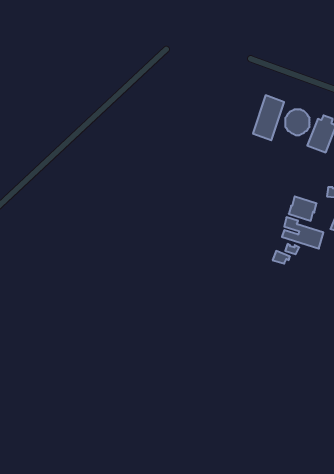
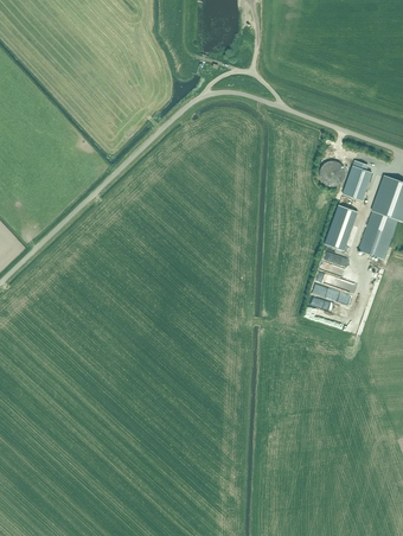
building: [253,95,284,140] -> [324,205,356,251]

